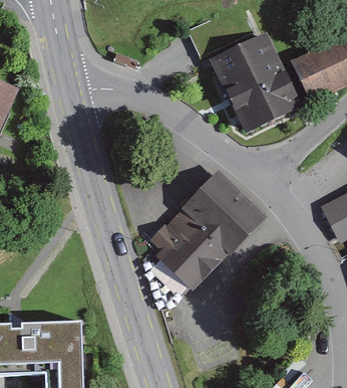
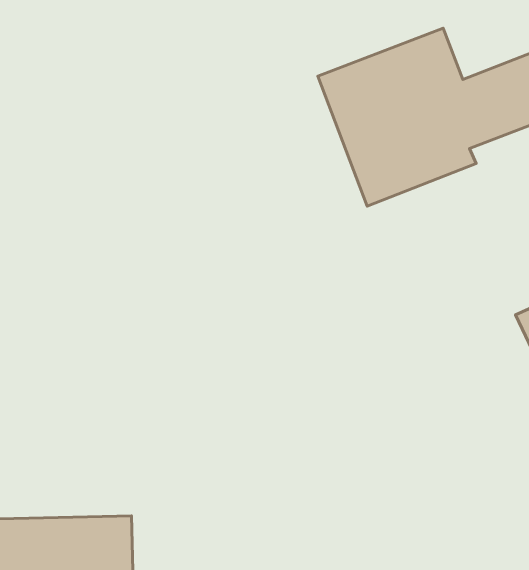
building: [145,171,261,298] -> none

